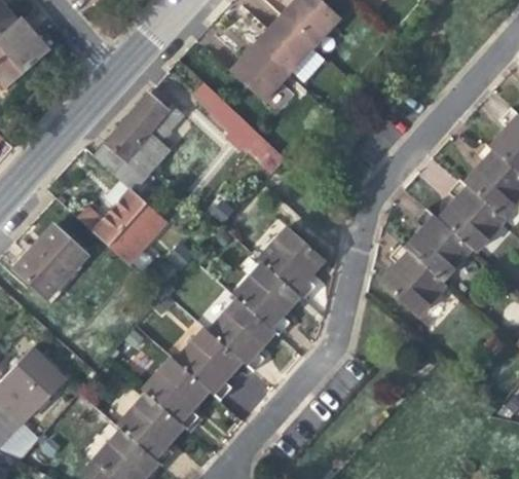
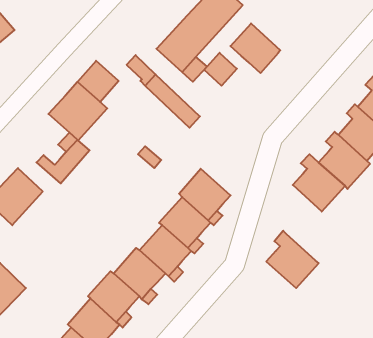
building: none -> [230,23,280,73]
building: none -> [204,53,237,86]
building: [108,202,165,262] -> none
building: [378,243,445,316] -> [266,231,319,288]

